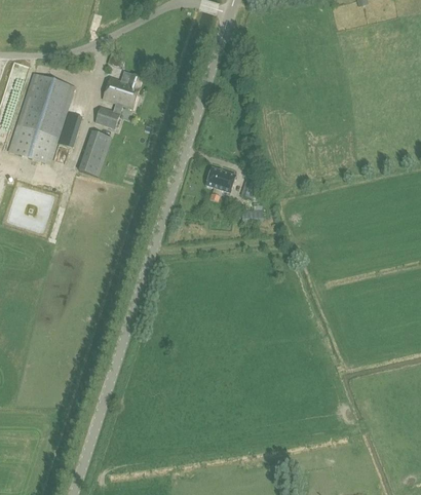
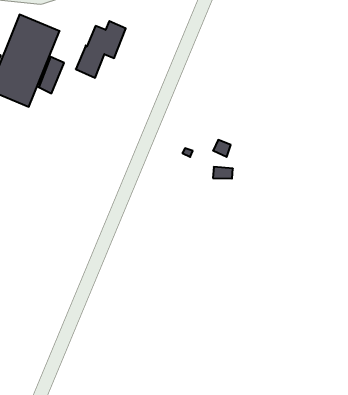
building: [79,131,110,177] -> none
building: [204,166,234,192] -> none

